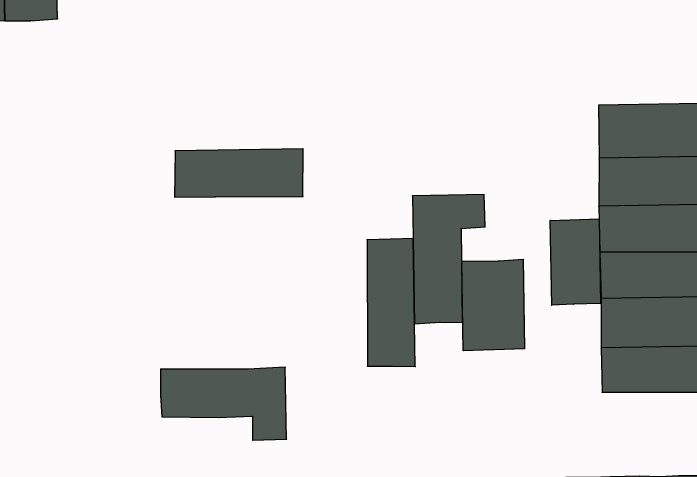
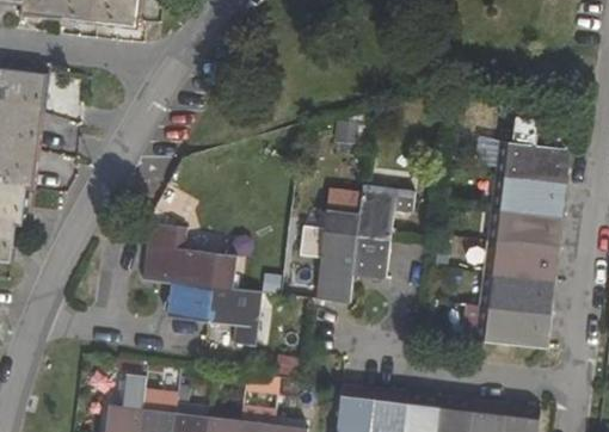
building: [175,149,303,197] -> [142,246,236,290]
building: [550,219,601,305] -> none
building: [462,259,525,351] -> none

